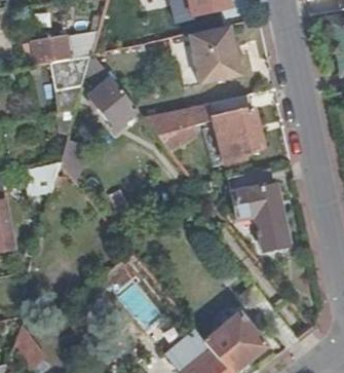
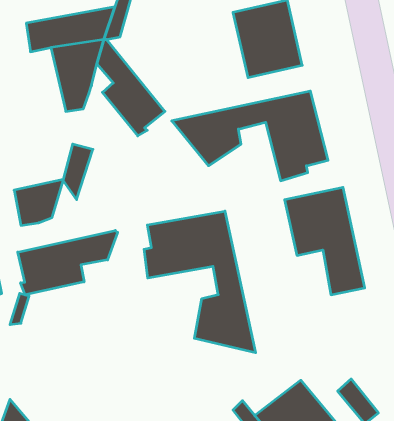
building: none -> [144,211,256,353]
building: none -> [18,230,118,295]

